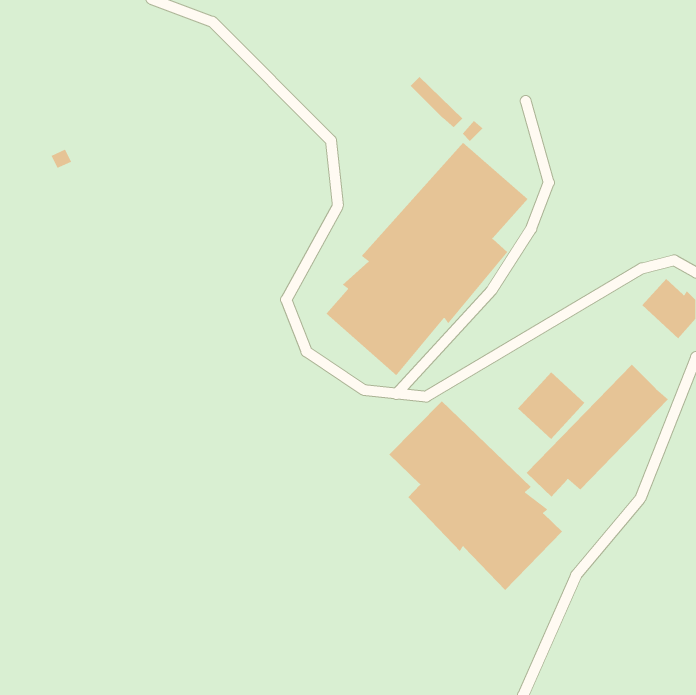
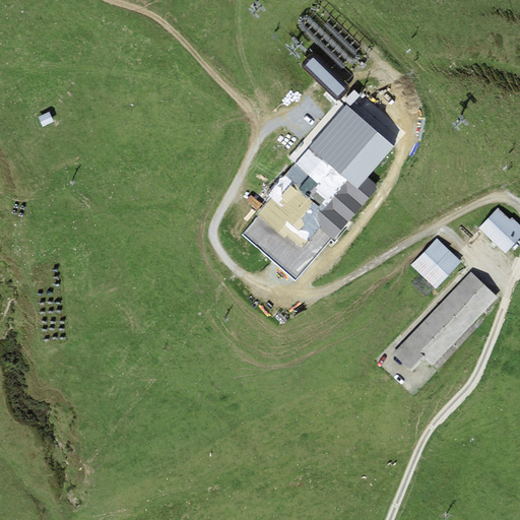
building: [517,372,585,440] -> [410,238,461,288]
building: [388,400,563,591] -> none

